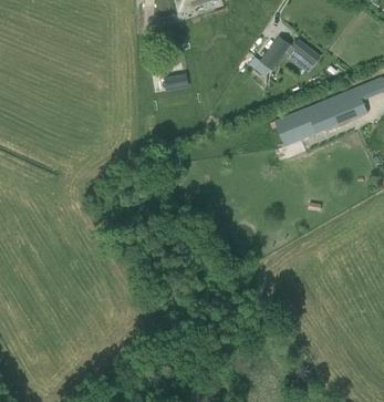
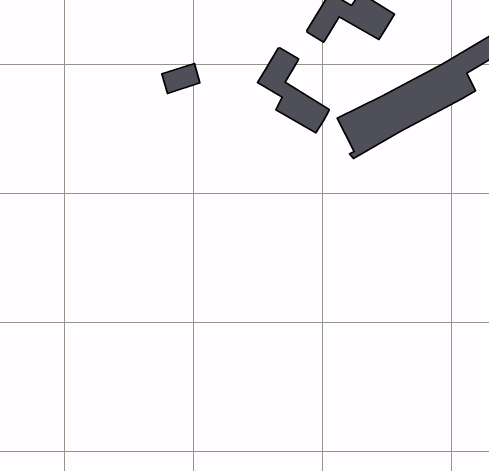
building: none -> [258,48,329,133]

